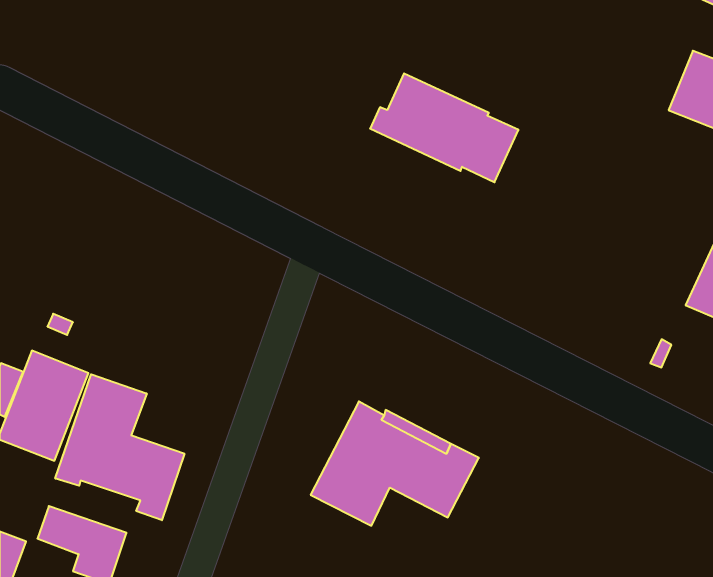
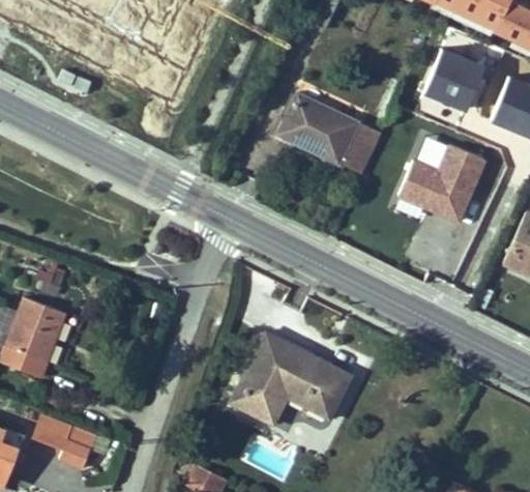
building: none -> [423,50,484,111]
building: none -> [399,145,485,223]
building: [55,374,184,520] -> none

